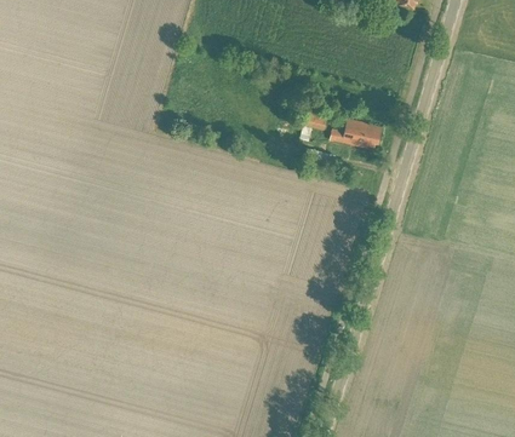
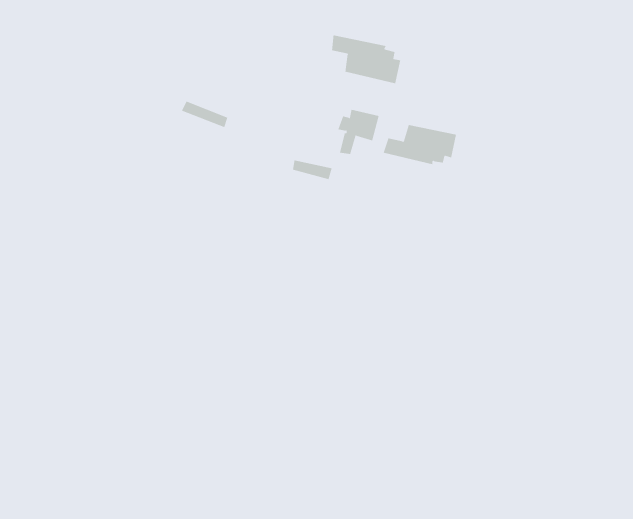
building: none -> [331,34,401,84]

